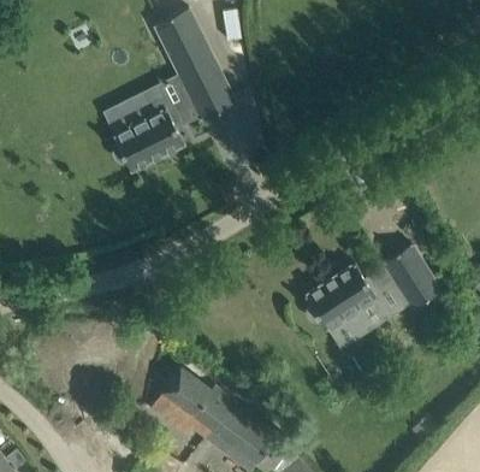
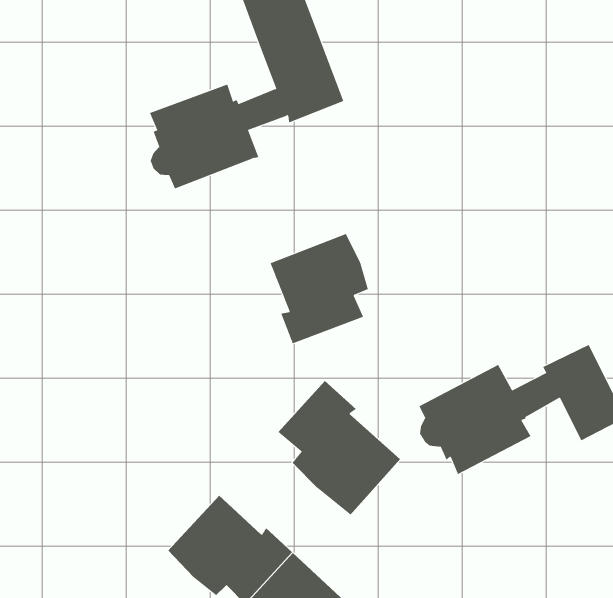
building: none -> [270,233,368,344]
building: none -> [277,380,401,515]

